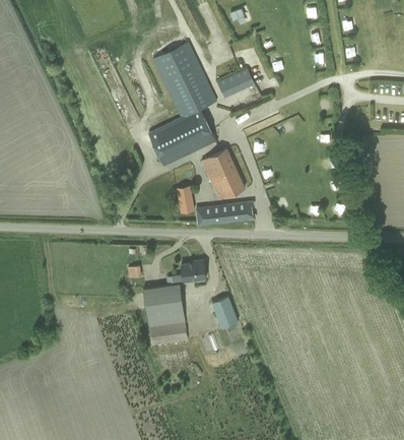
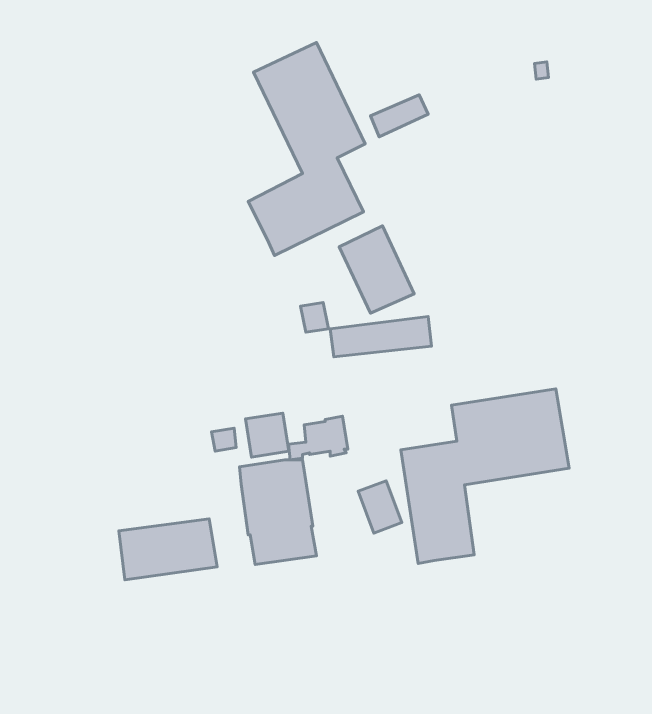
building: none -> [401,389,569,564]
building: none -> [245,413,289,457]
building: none -> [119,519,217,580]

